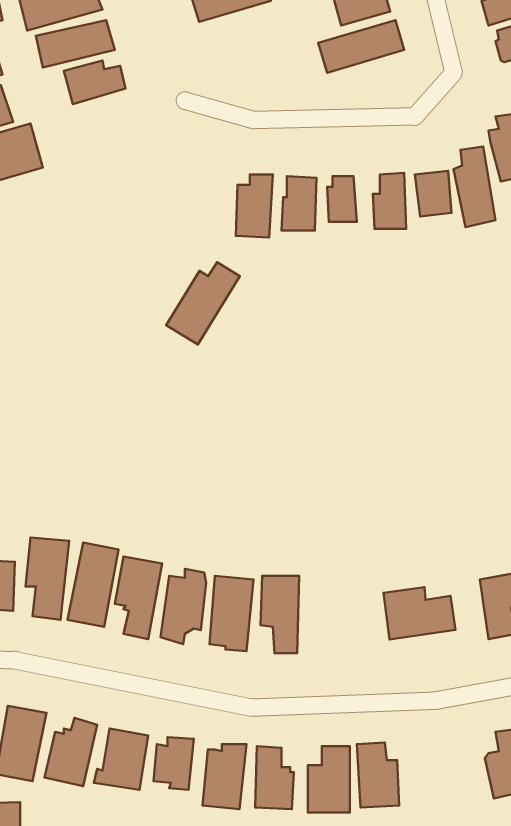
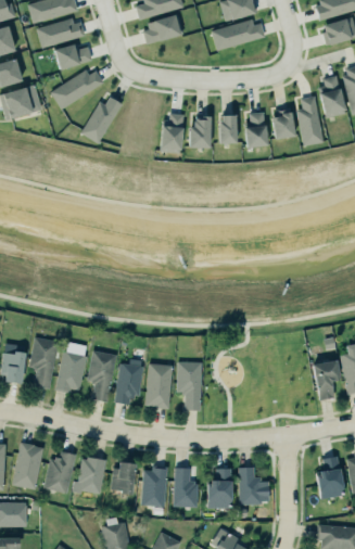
building: none -> [142,14,180,43]
building: none -> [49,68,105,111]
building: [166,262,240,344] -> [78,94,124,145]
building: [383,587,456,639] -> none

